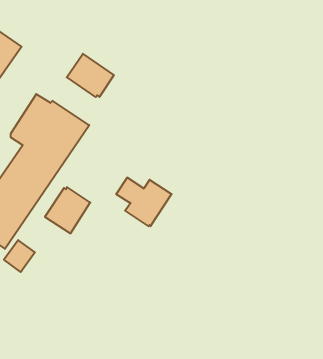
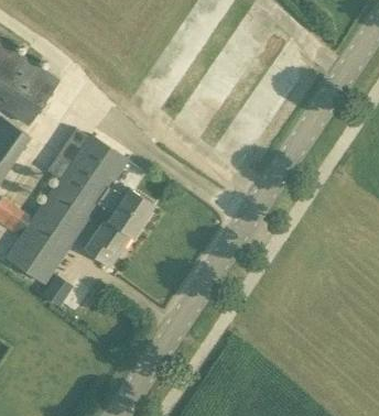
building: [67,54,114,97] -> none
building: [116,178,172,226] -> [96,188,151,237]

